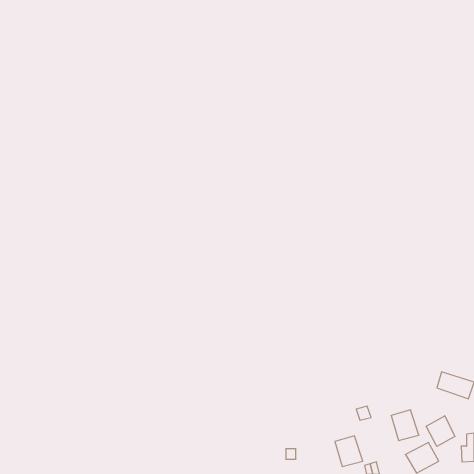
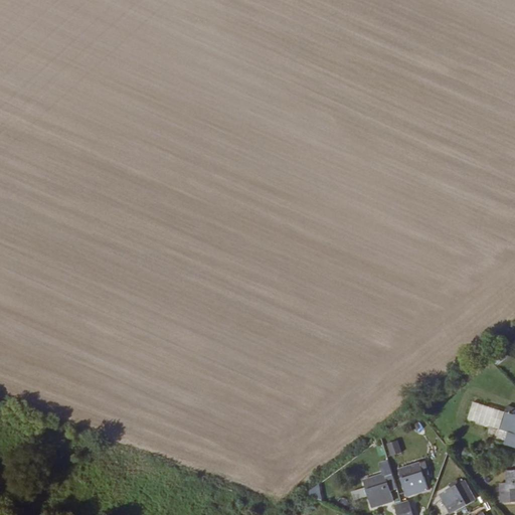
building: [391,410,419,441] -> [398,462,428,495]
building: [426,416,455,446] -> none

